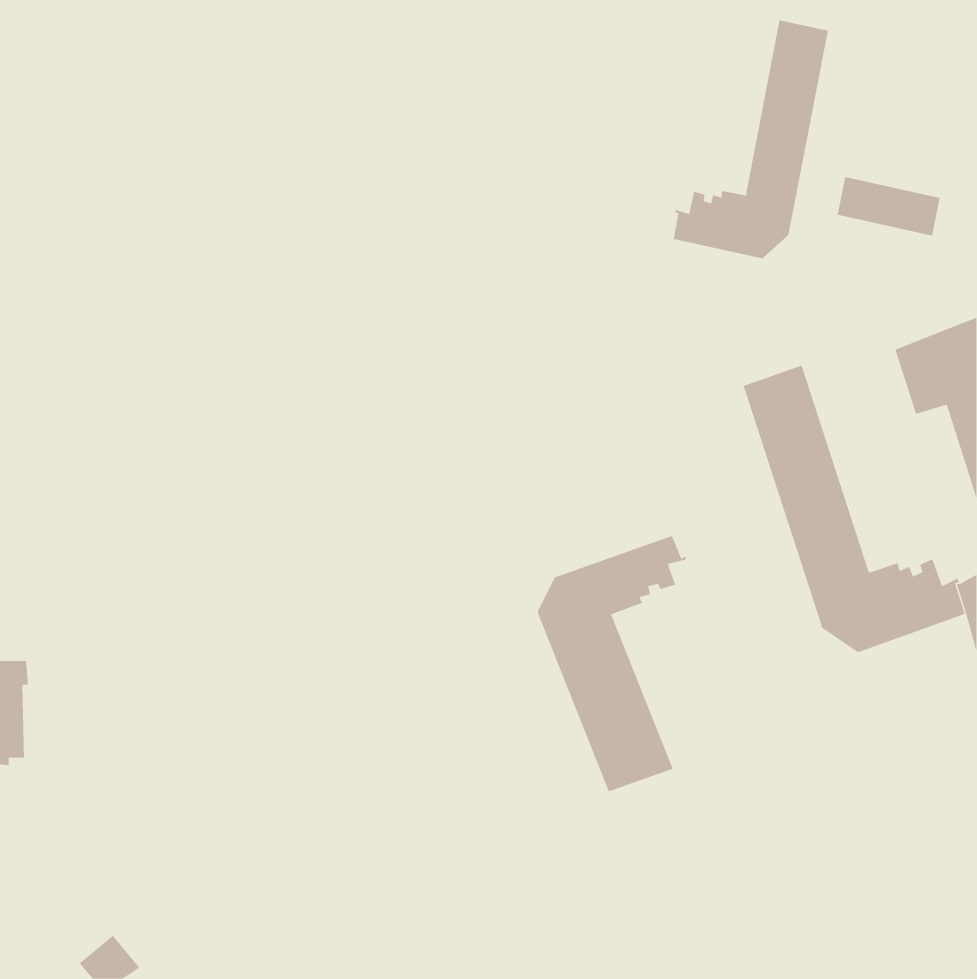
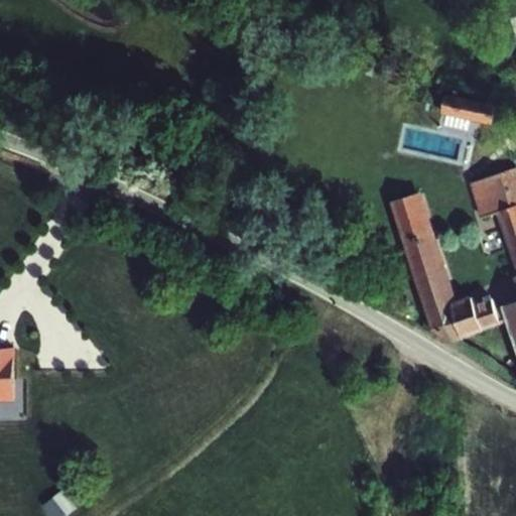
building: [673,19,829,259] -> none
building: [537,535,687,792] -> none

